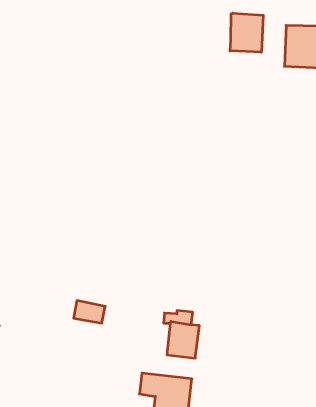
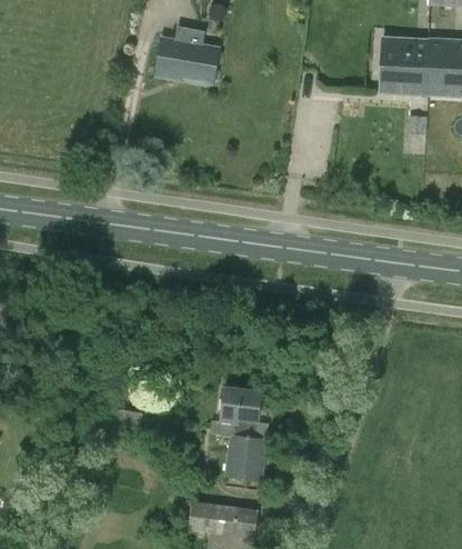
building: [230,13,263,52] -> none
building: none -> [154,24,218,81]
building: none -> [220,389,260,422]

